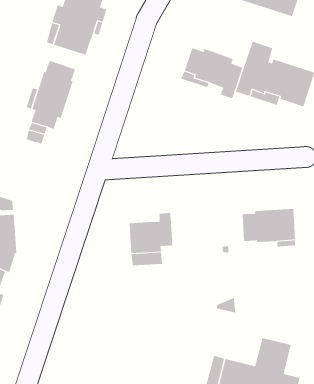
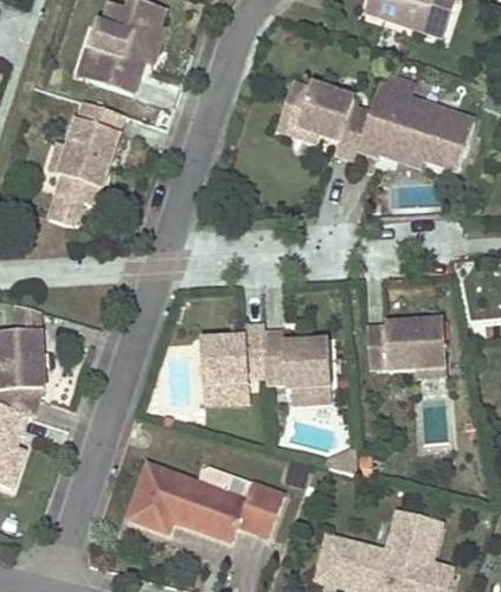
building: none -> [264,332,333,407]
building: none -> [126,461,283,542]

